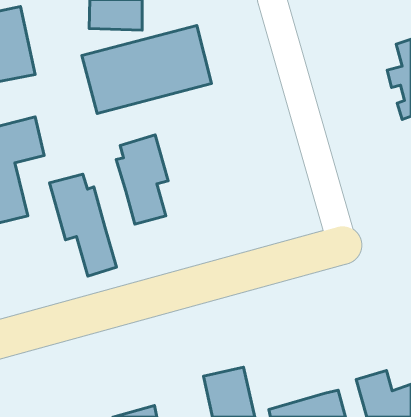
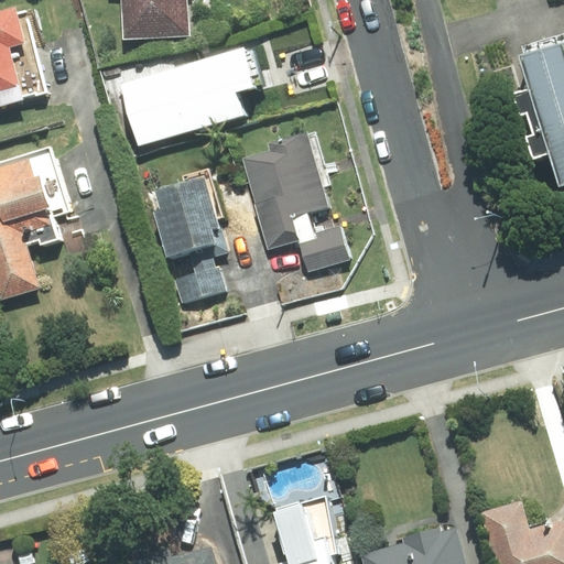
building: none -> [241,140,348,270]
building: [49,174,117,276] -> none

